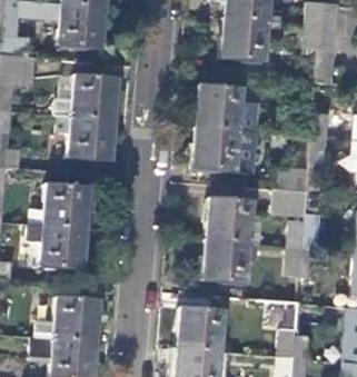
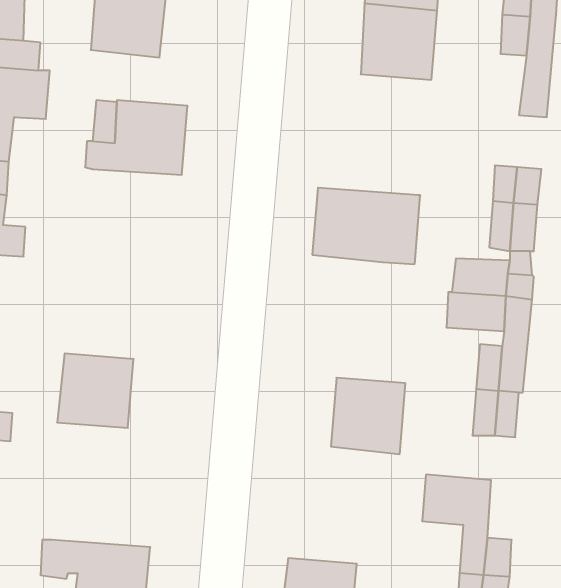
building: [196,85,258,131] -> none
building: [60,116,115,161] -> none
building: [44,185,89,229] -> none
building: [207,198,264,245] -> none
building: [37,296,99,341] -> none
building: [178,306,222,351] -> none

